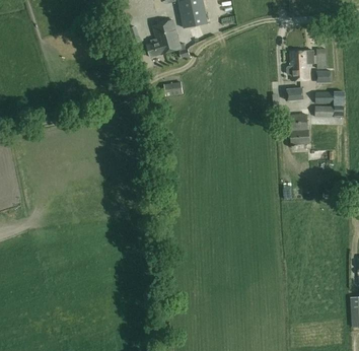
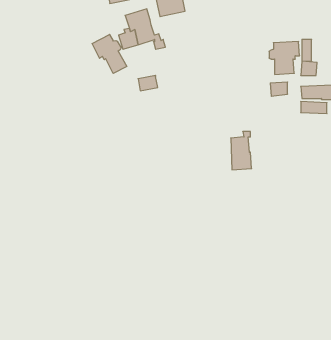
building: none -> [92,34,127,73]
building: [290,110,309,145] -> [231,132,252,170]

